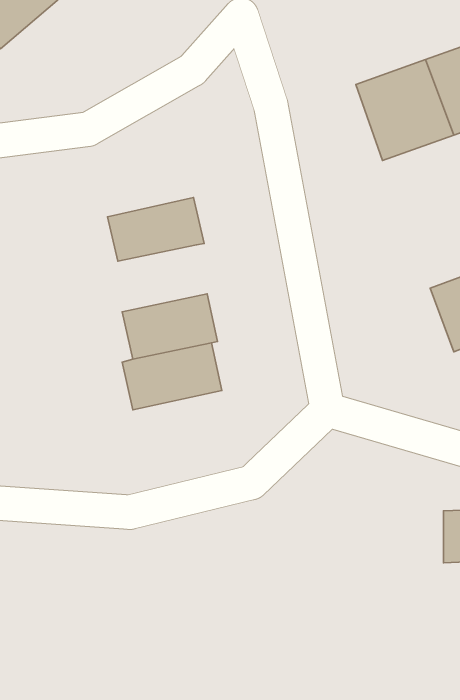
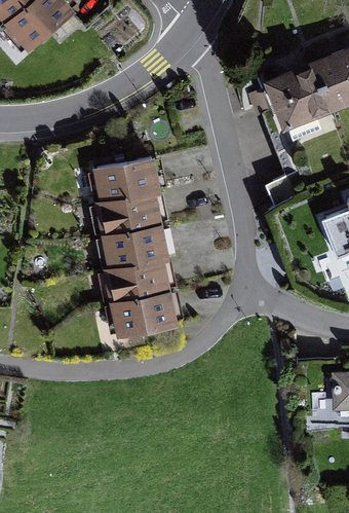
building: none -> [99,188,165,234]
building: none -> [114,289,183,335]

